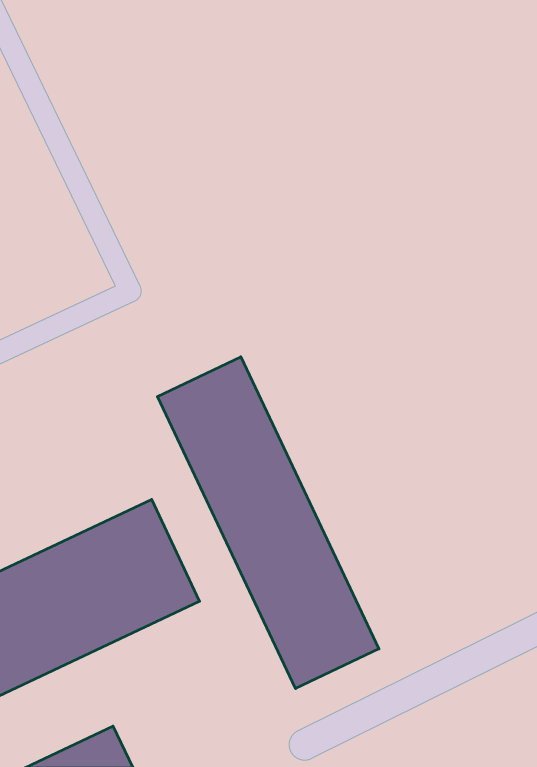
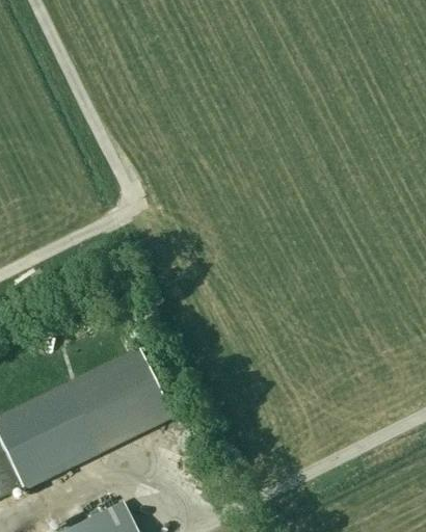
building: [157,357,379,689] -> none

